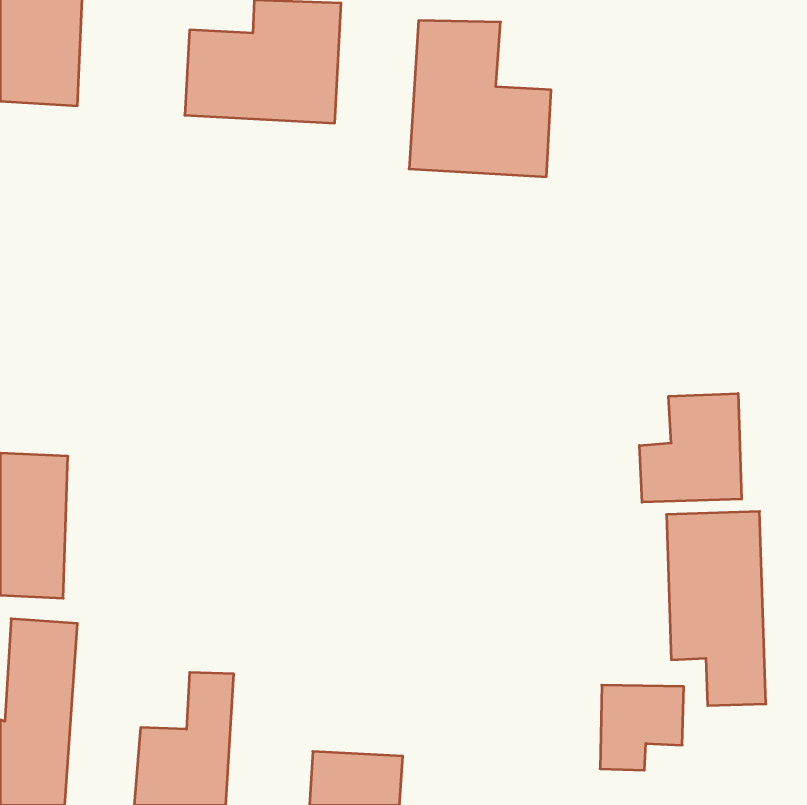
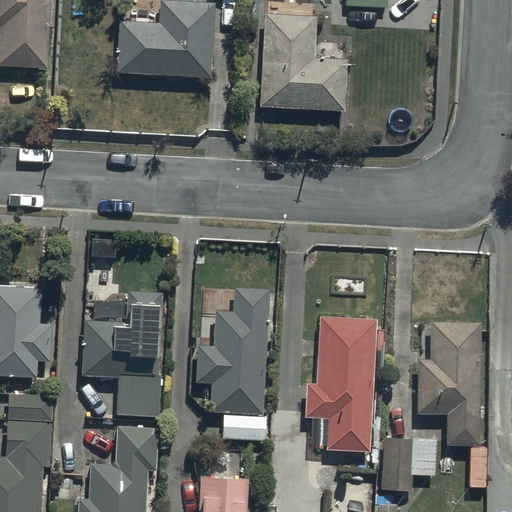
building: [639,393,742,502] -> none
building: none -> [198,286,270,443]
building: none -> [81,302,162,417]
building: none -> [312,318,378,453]

